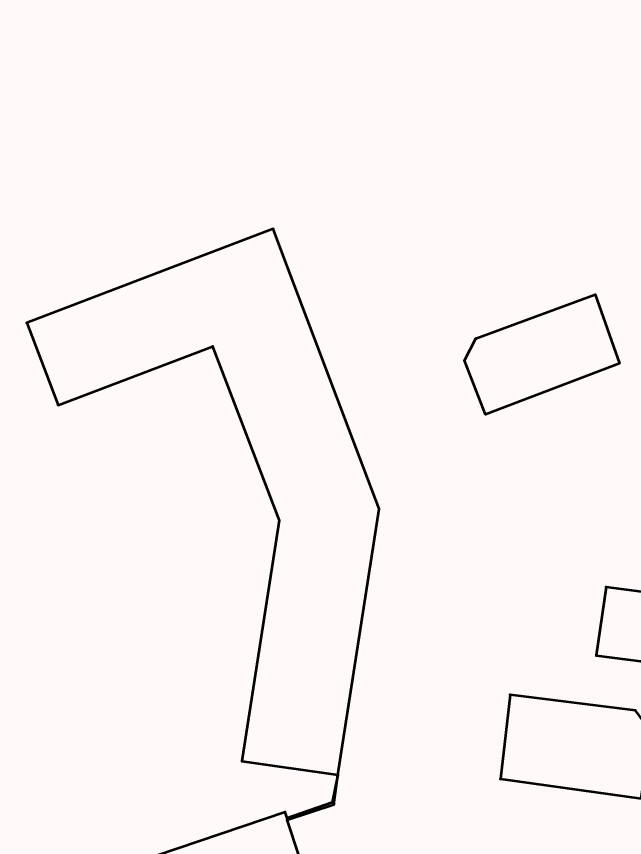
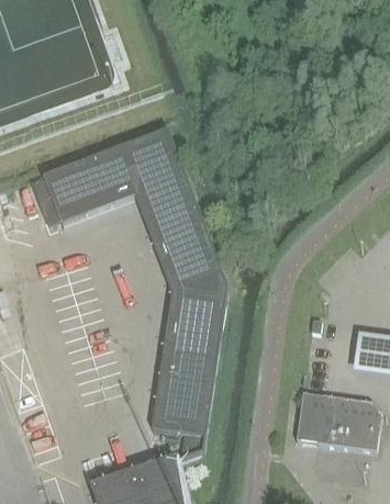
building: [464,295,619,414] -> none

